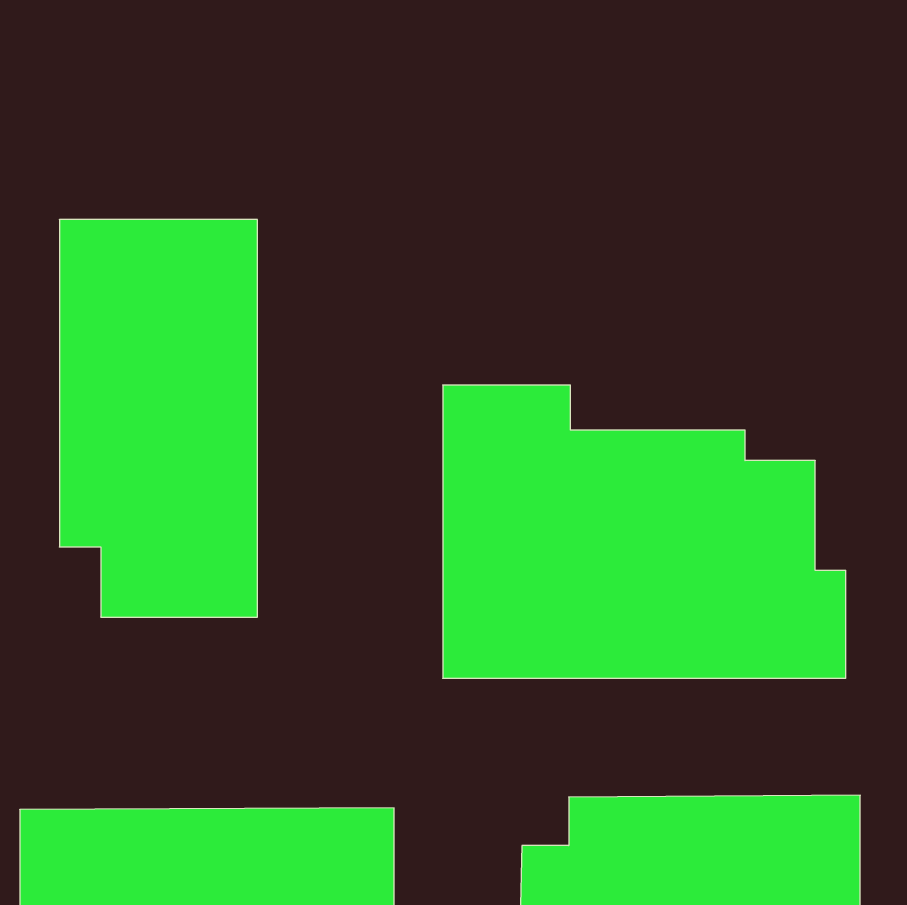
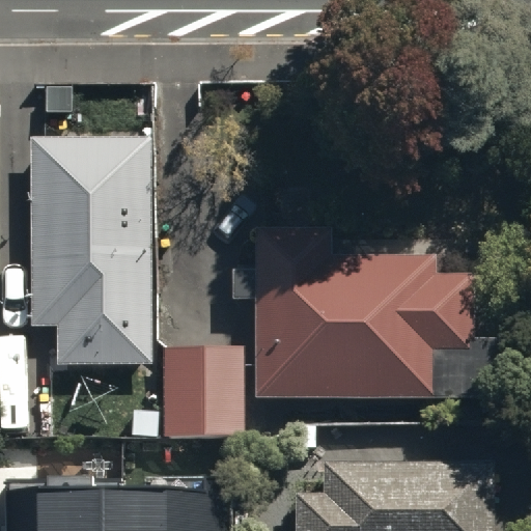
building: none -> [162,351,241,439]

